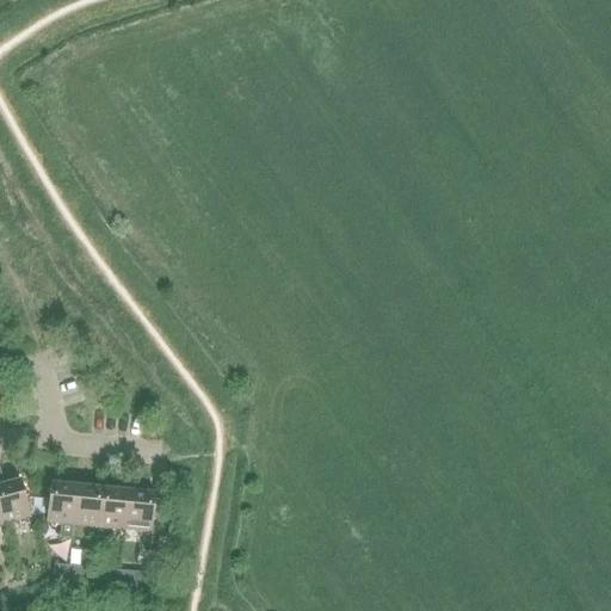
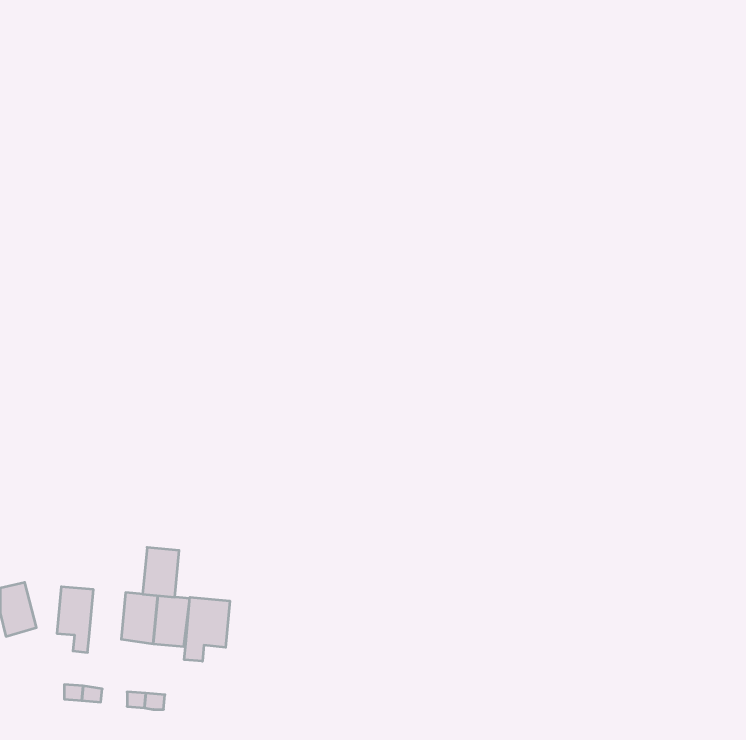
building: [73,482,103,523] -> [143,547,179,597]
building: none -> [184,597,230,661]

